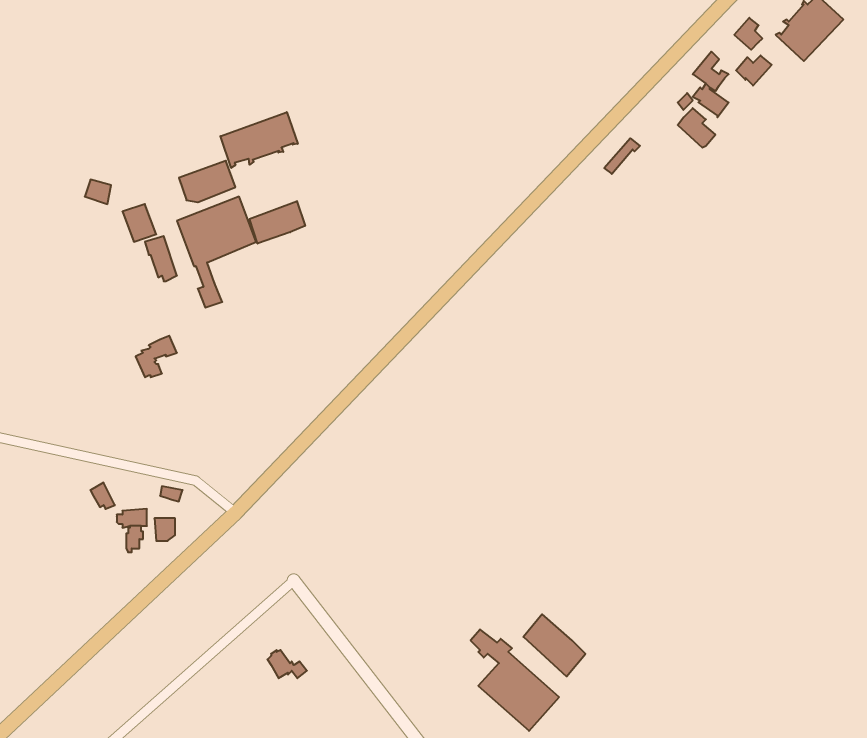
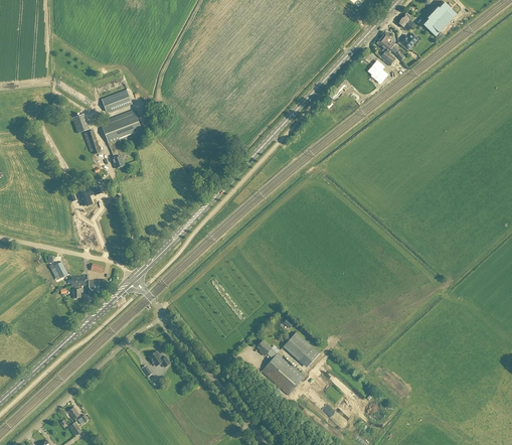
building: [220,112,298,168] -> none
building: [250,201,305,244] -> none

